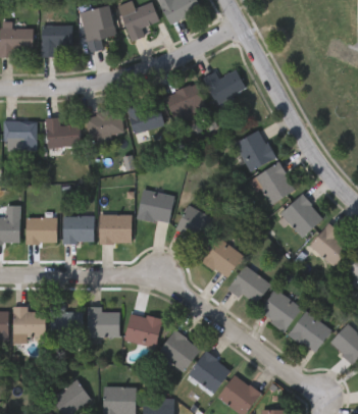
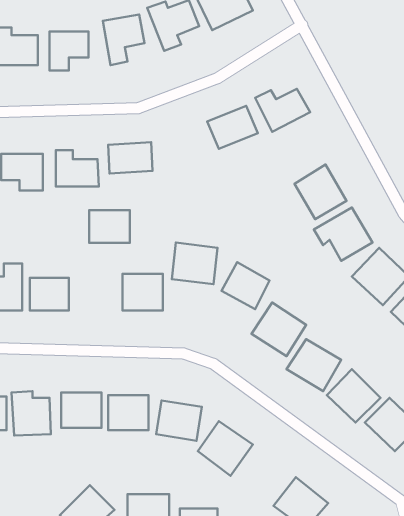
building: [126,101,165,138] -> none
building: [62,217,94,243] -> [89,210,130,243]
building: [188,352,231,394] -> none

